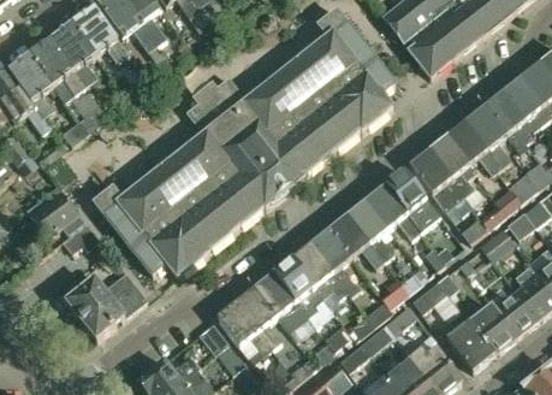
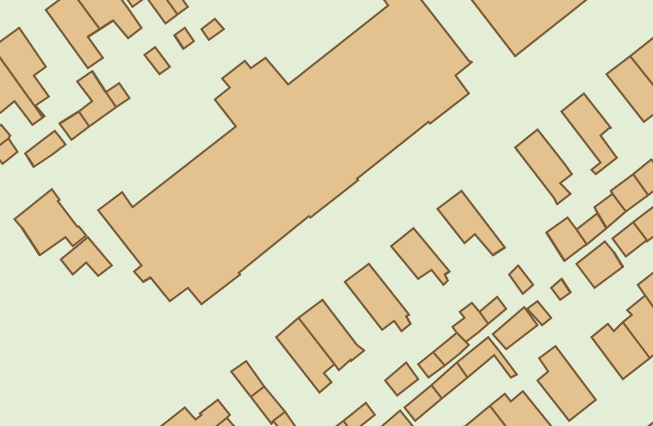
building: [30,39,85,100] -> none
building: [485,90,533,152] -> none
building: [447,120,498,172] -> none
building: [410,149,463,210] -> none
building: [386,170,440,230] -> none
building: [348,199,393,259] -> none
building: [311,229,358,294] -> none
building: [274,258,322,313] -> none
building: [60,269,146,338] -> none
building: [462,301,516,353] -> none
building: [218,302,272,355] -> none

